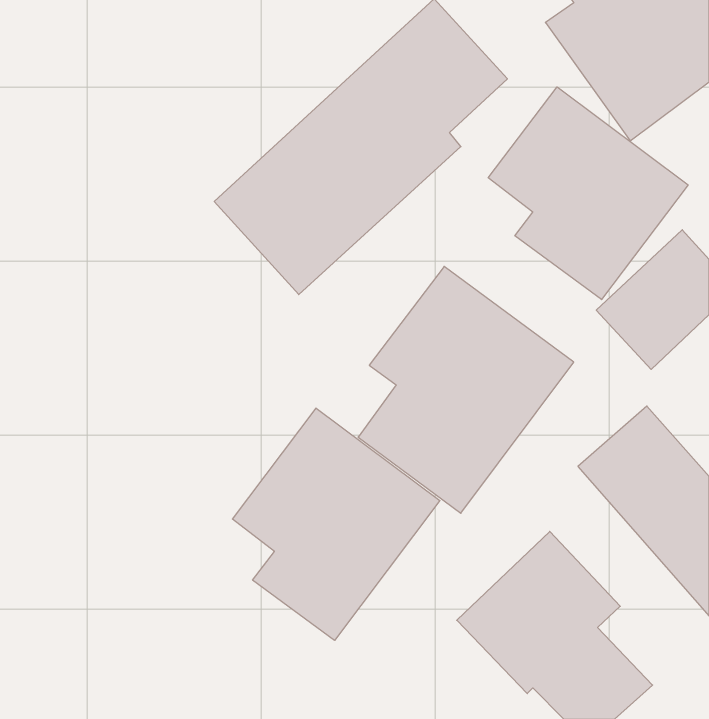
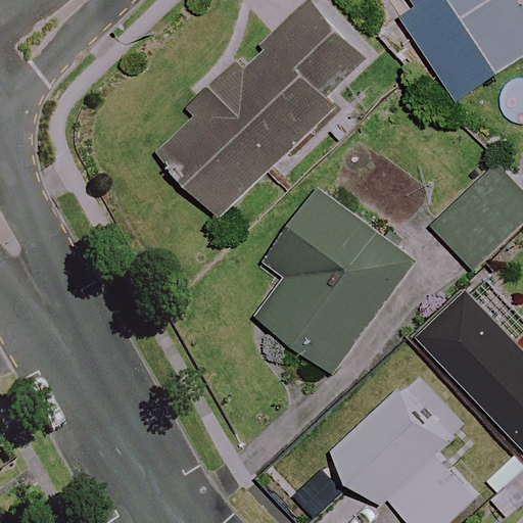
building: [488,87,688,300] -> none
building: [232,408,440,640] -> none

